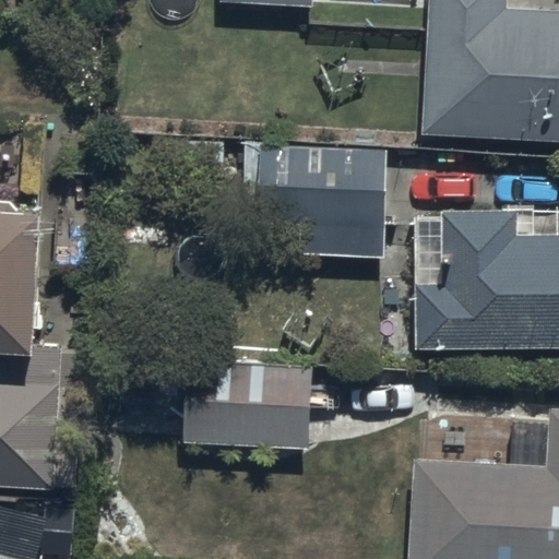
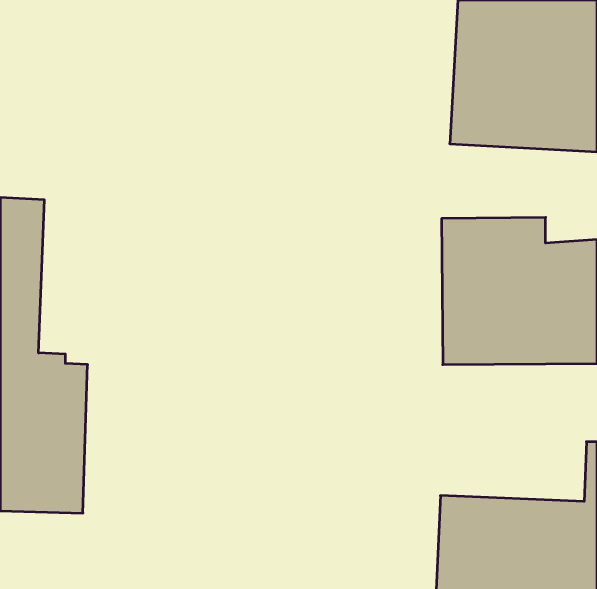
building: [243,142,383,257] -> none
building: [183,358,308,444] -> none

